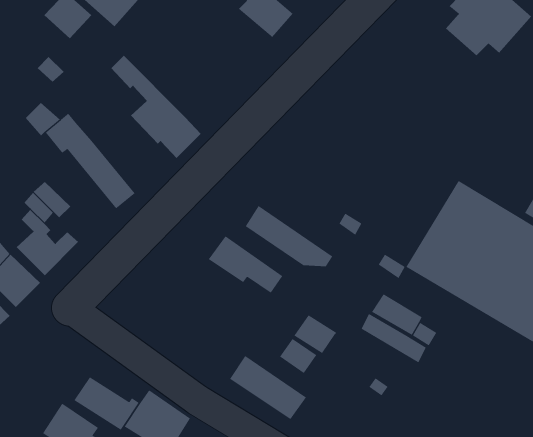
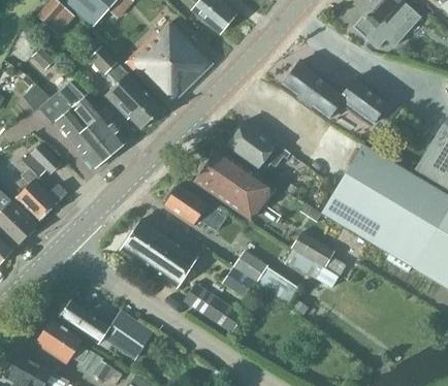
building: none -> [124,23,210,105]
building: none -> [281,60,388,124]
building: none -> [57,82,126,155]
building: none -> [226,120,289,168]
building: none -> [205,149,277,204]
building: none -> [120,218,197,287]
building: none -> [256,265,299,303]

